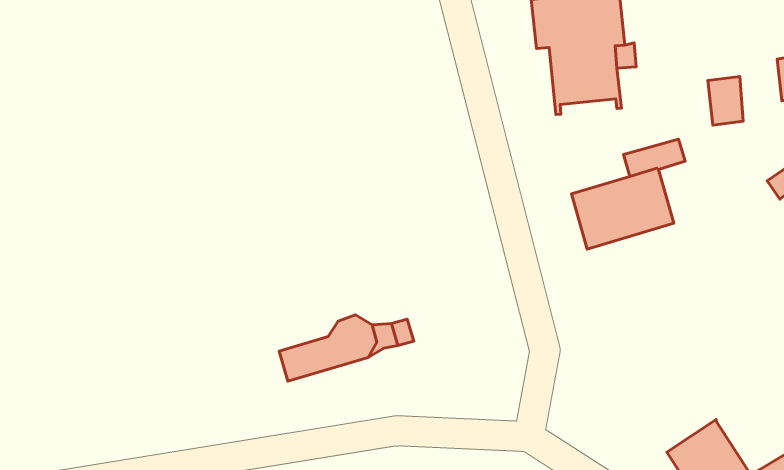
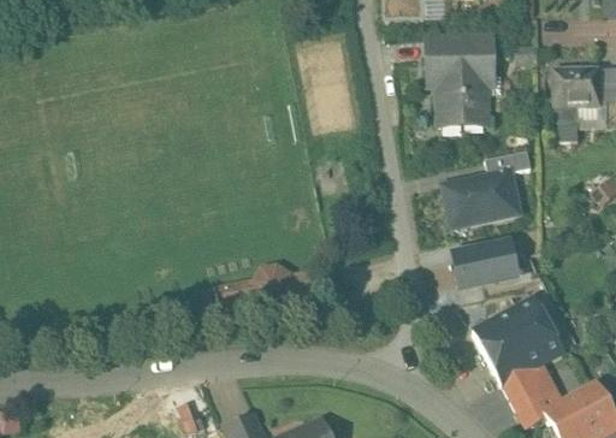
building: none -> [552,66,600,107]
building: none -> [454,243,517,285]
building: none -> [473,295,564,383]

